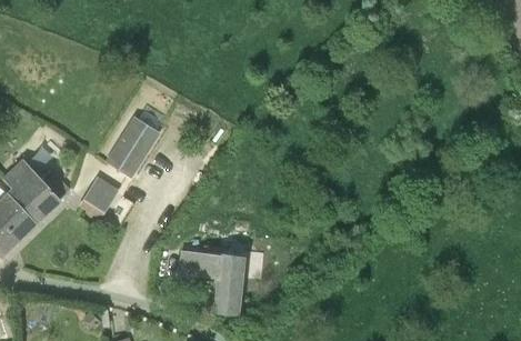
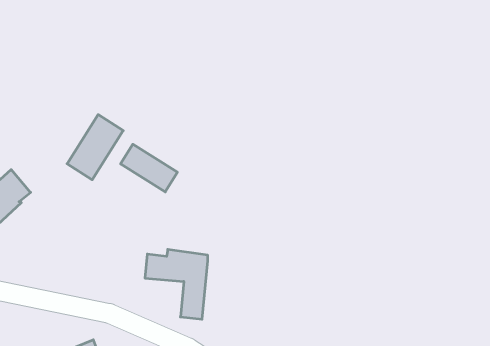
building: none -> [121,144,177,192]
building: [80,179,118,220] -> none

